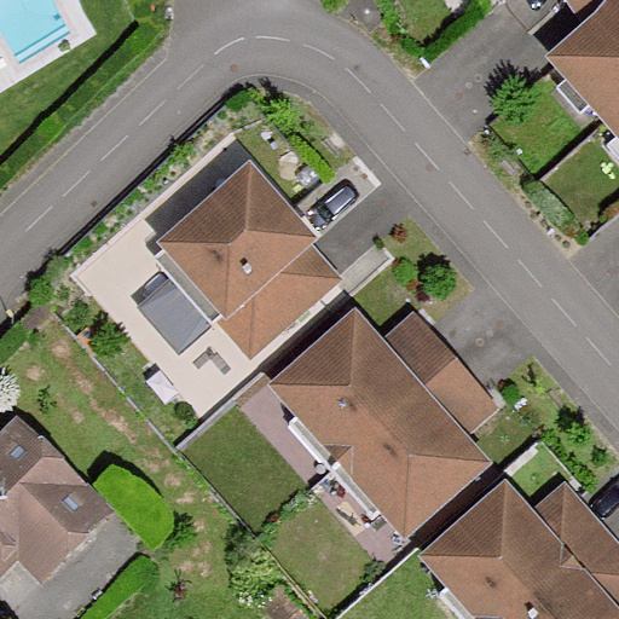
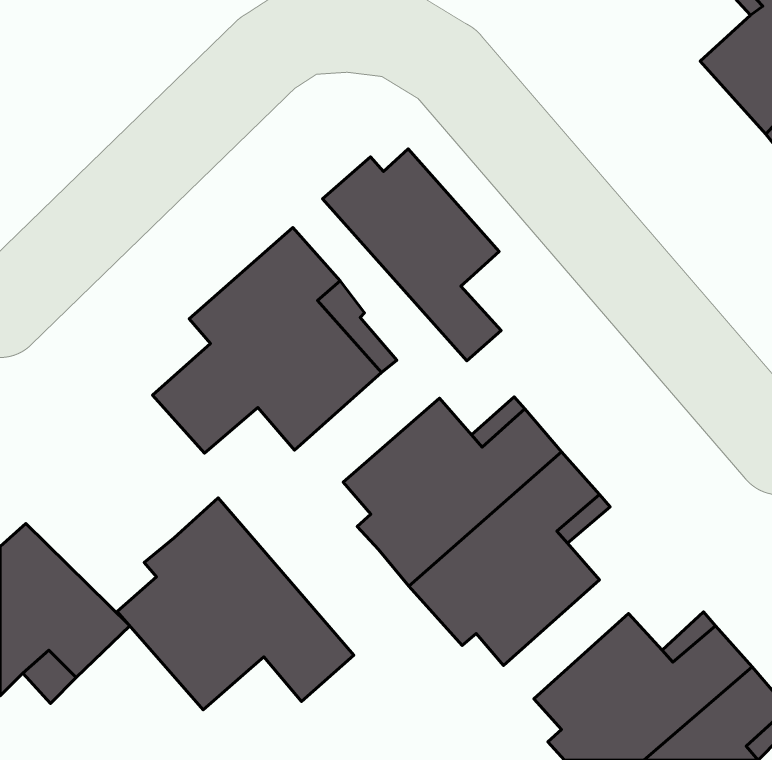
building: none -> [323,149,501,361]
building: none -> [117,498,354,710]

